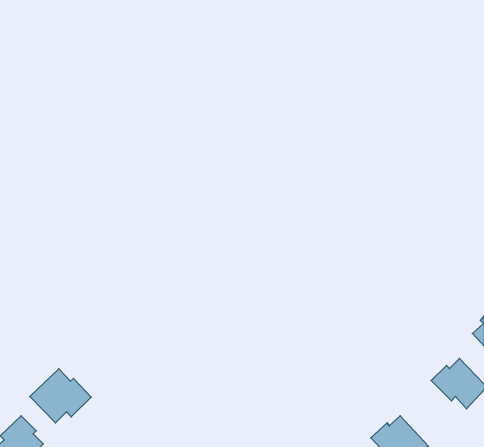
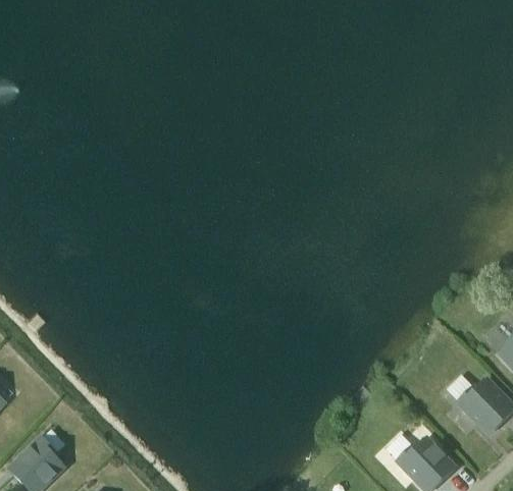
building: [30,369,91,423] -> none

